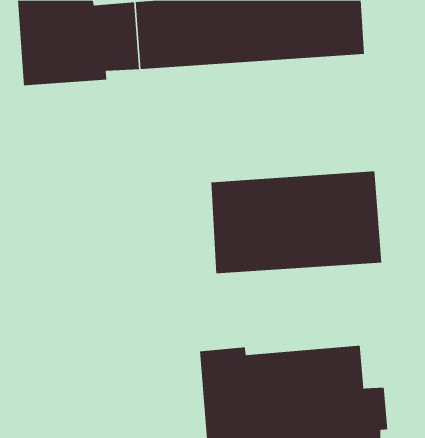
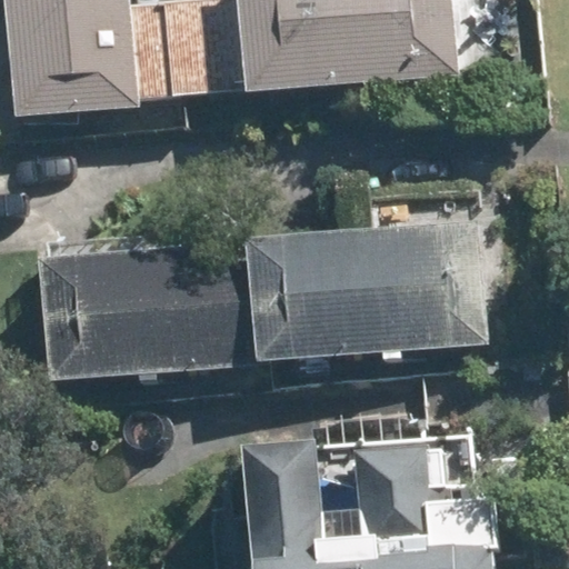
building: none -> [62,237,279,368]

